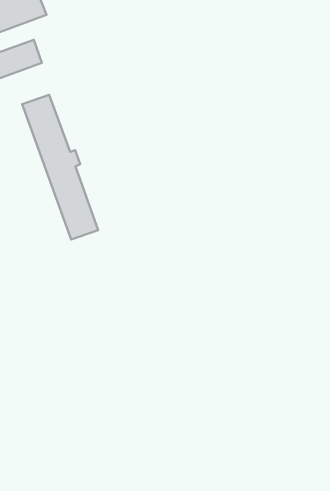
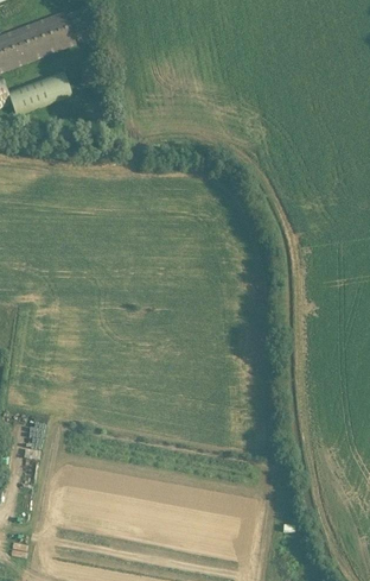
building: [22,95,98,240] -> none

